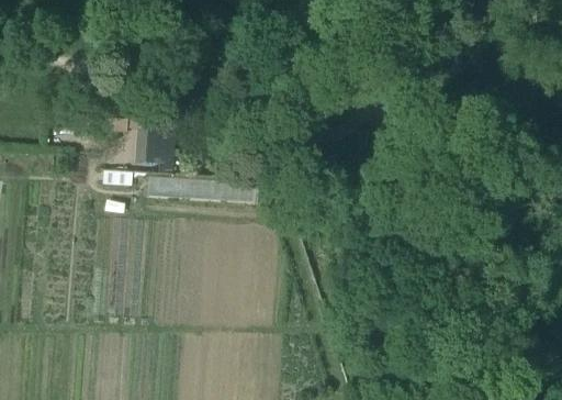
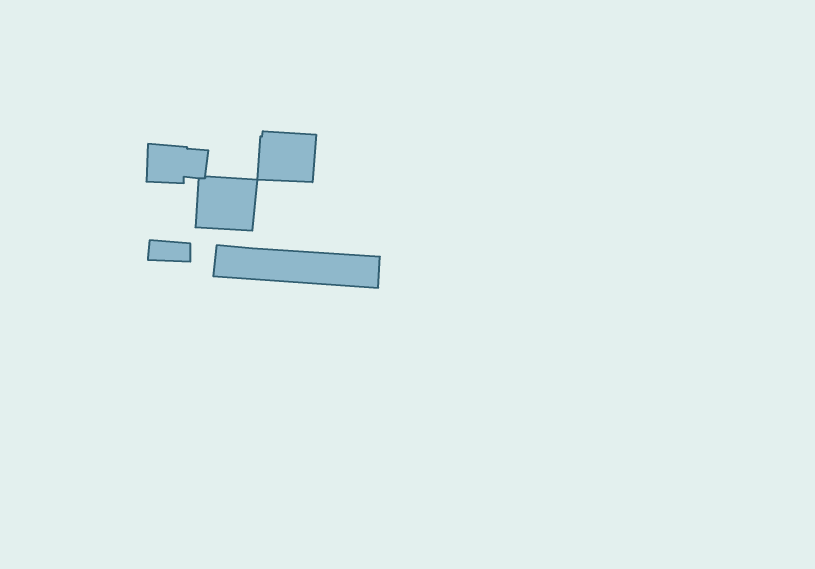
building: none -> [257,131,316,182]

